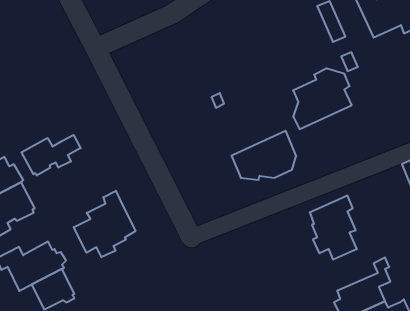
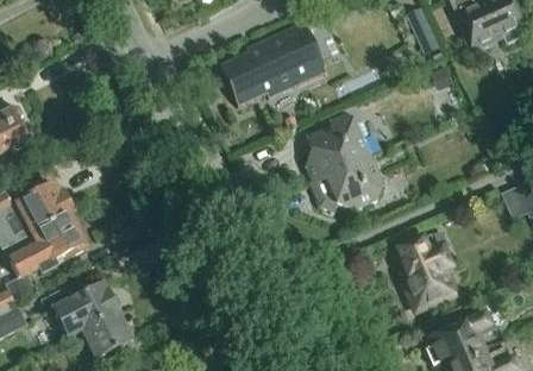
building: none -> [218,20,326,106]
building: [293,68,352,129] -> [303,113,370,182]
building: [21,135,81,176] -> none
building: [74,191,135,257] -> none

